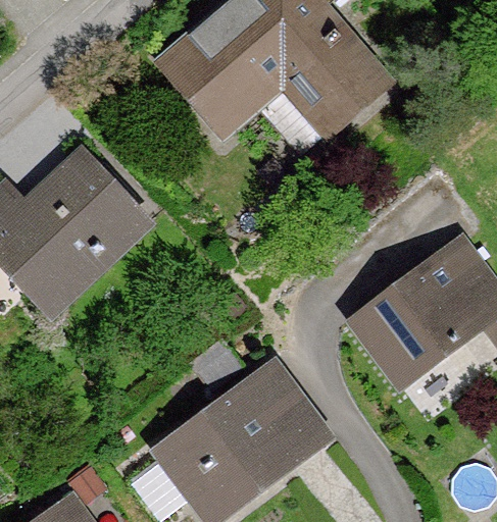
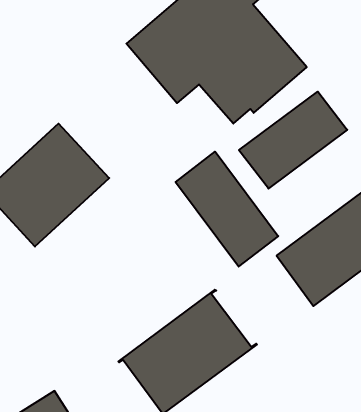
building: none -> [239,92,347,189]
building: none -> [176,152,278,267]

